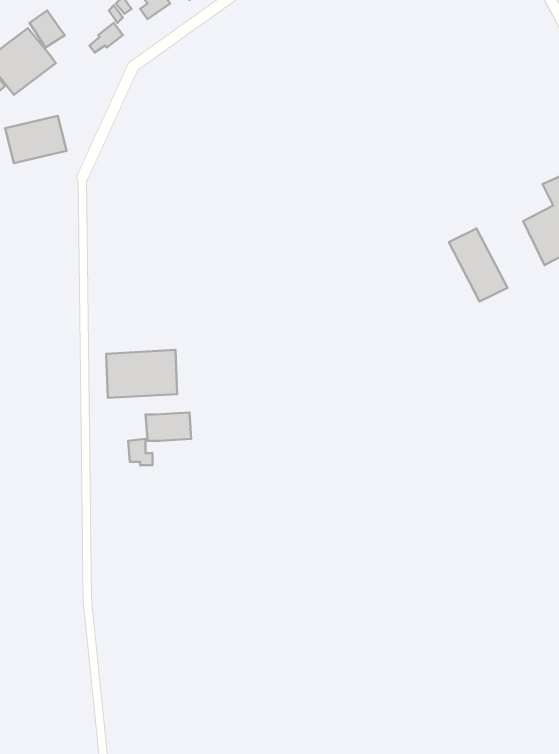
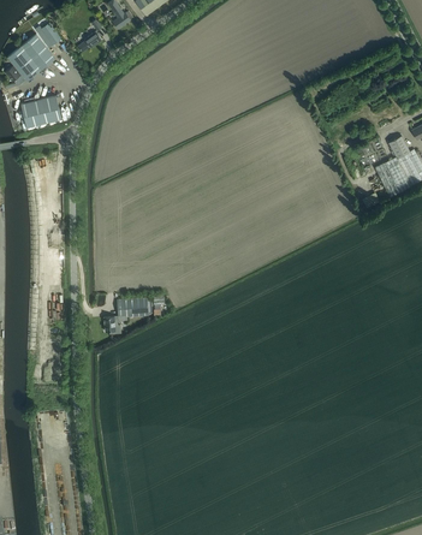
building: [449,229,507,301] -> none
building: [106,350,177,398] -> none

